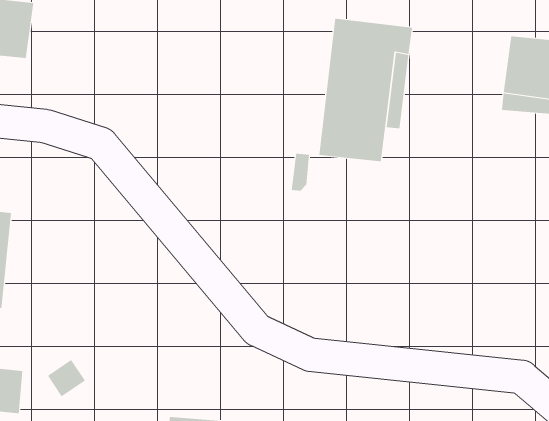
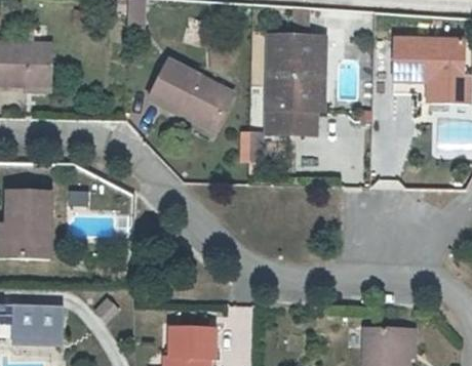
building: none -> [147,59,230,126]

